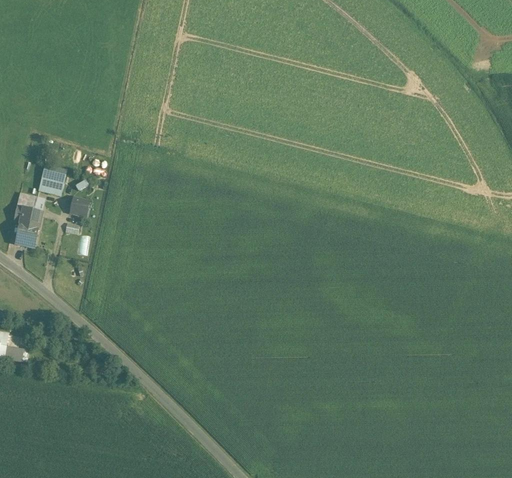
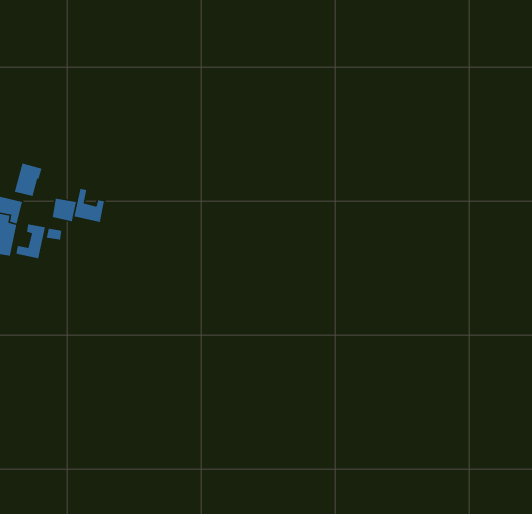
building: none -> [74,188,105,223]
building: none -> [16,223,46,259]

